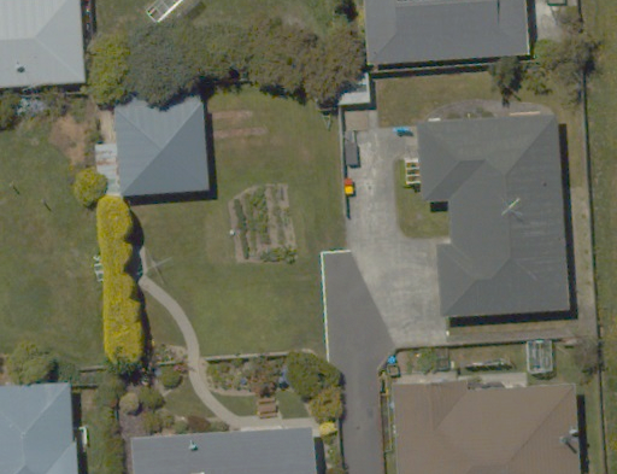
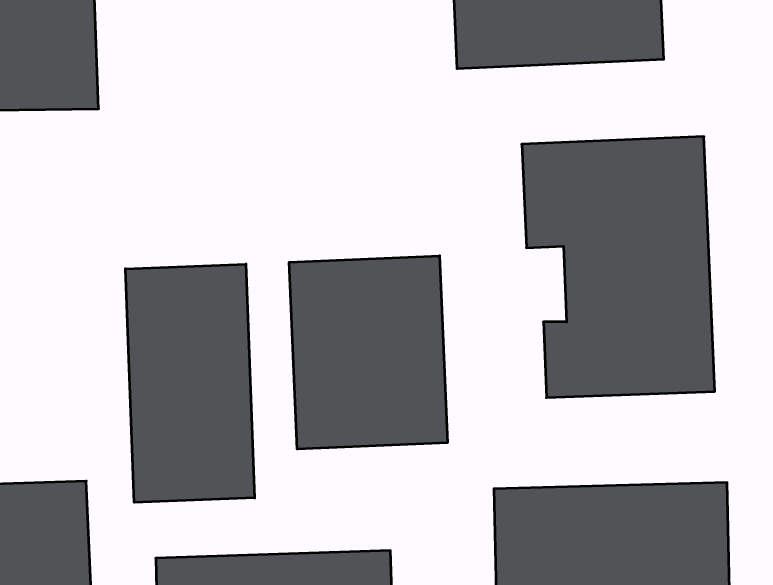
building: [111,105,210,204] -> none
building: none -> [289,256,447,449]
building: none -> [125,264,255,502]

